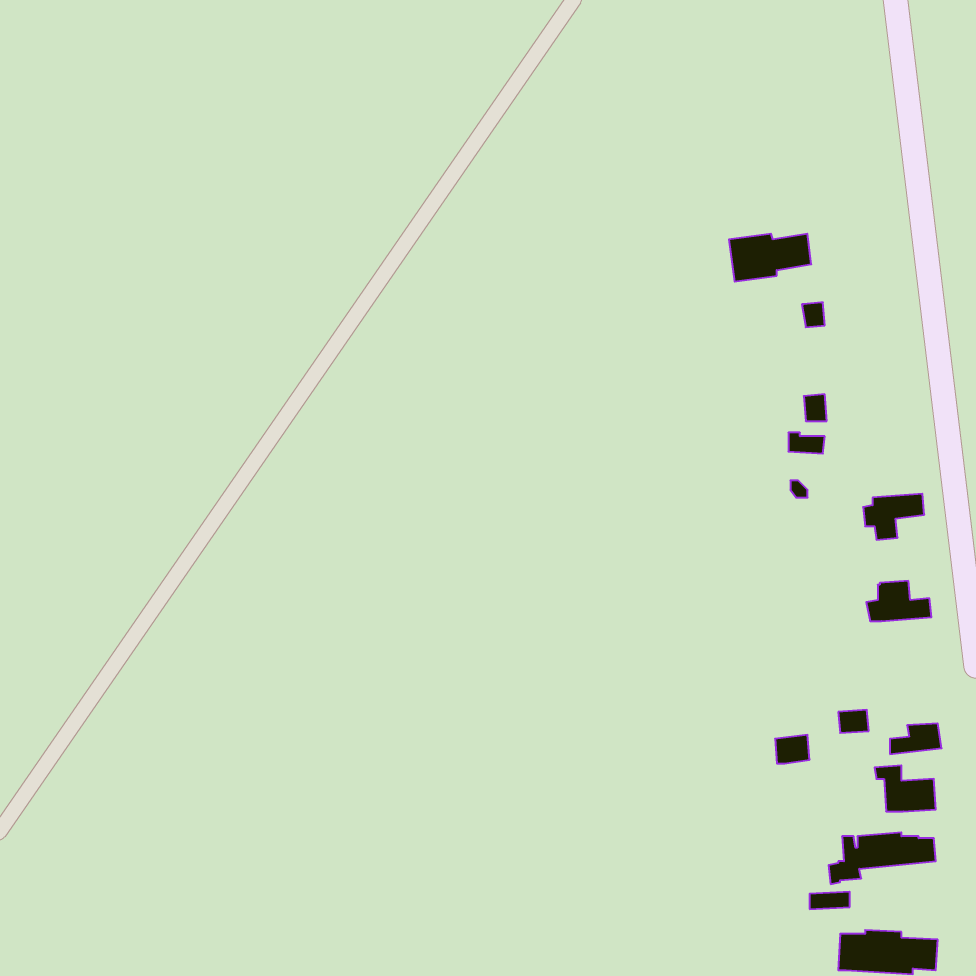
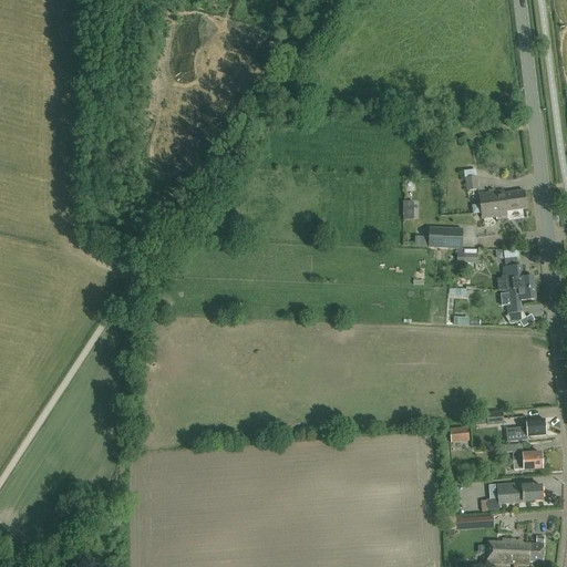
building: [729,234,811,282] -> [478,189,526,217]
building: none -> [427,227,462,248]
building: [866,581,931,621] -> [496,265,534,288]

